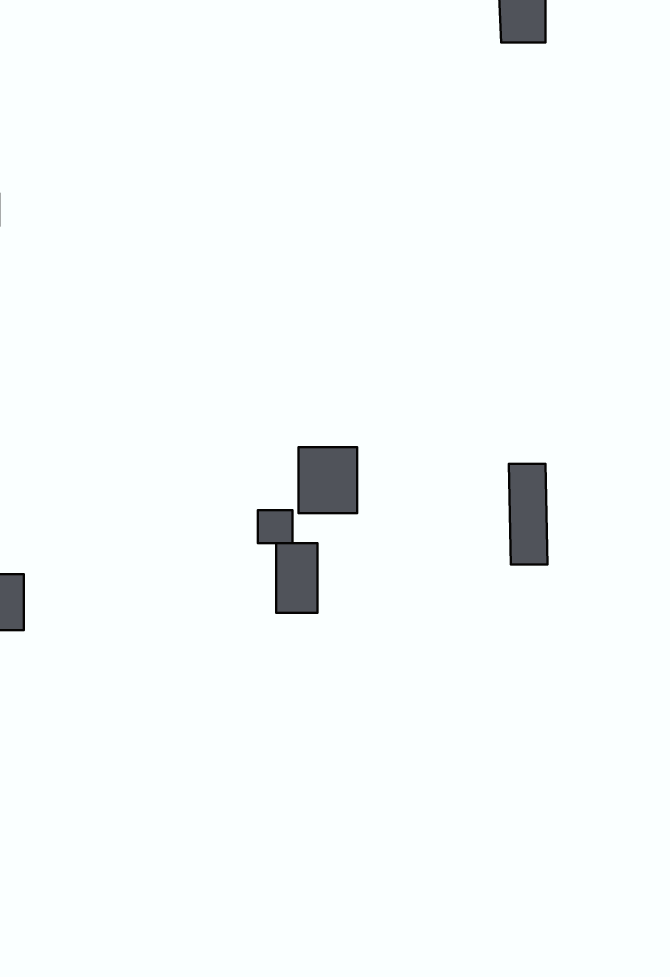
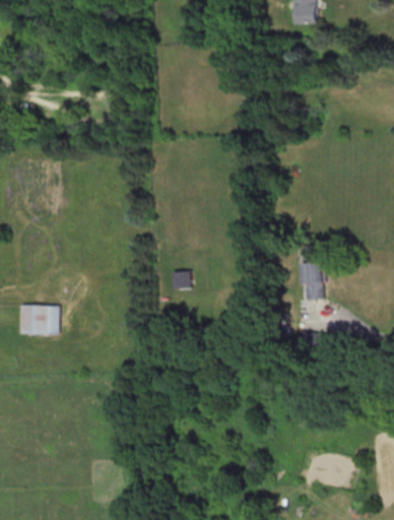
building: [299,447,357,513] -> none
building: [276,543,318,613] -> none

